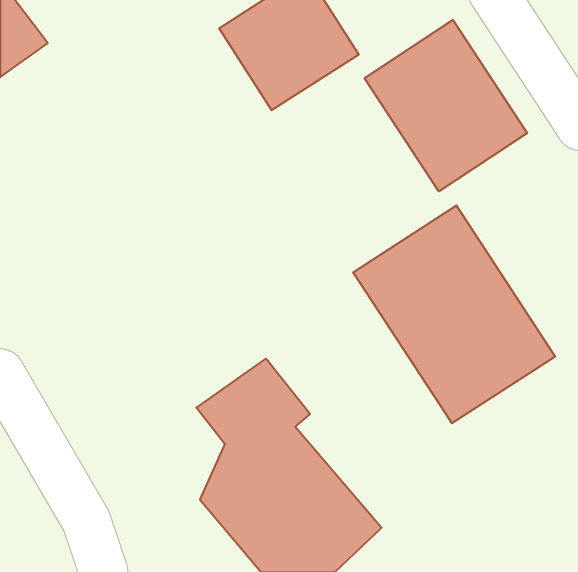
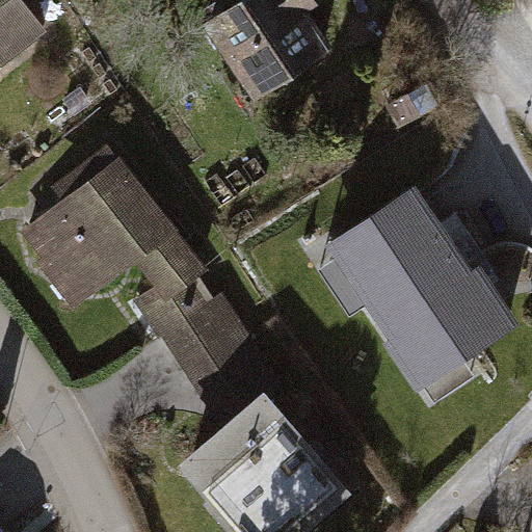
building: [365,20,527,191] -> none
building: none -> [18,157,245,373]

